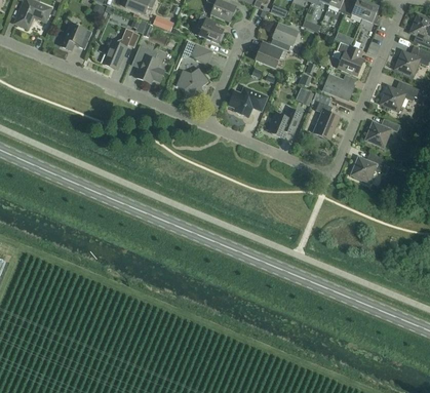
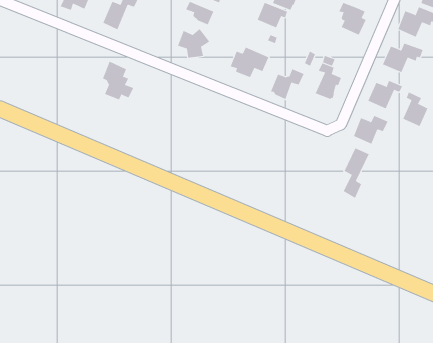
building: [132,43,164,82] -> [102,61,134,100]
building: [324,74,354,97] -> none
building: none -> [402,92,428,127]
building: none -> [343,147,370,199]

